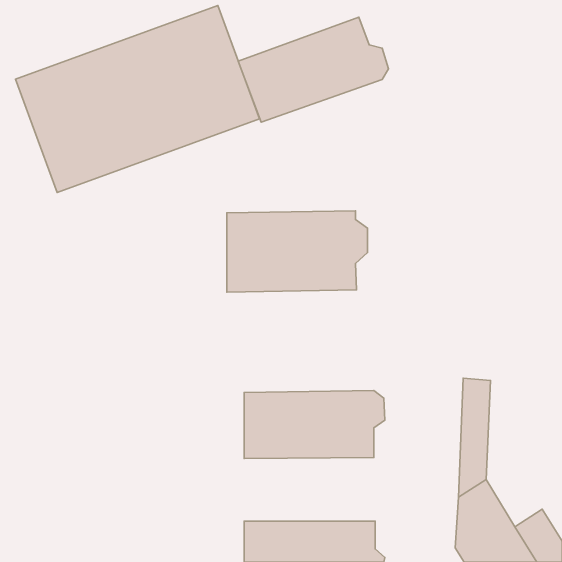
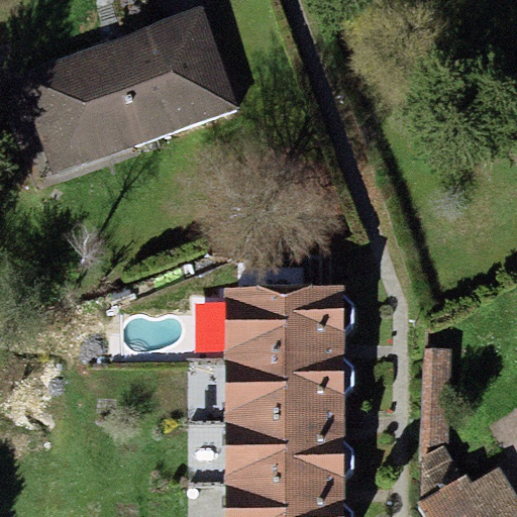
building: [238,17,389,122] -> none
building: [227,211,368,292] -> [224,286,353,360]
building: none -> [224,420,352,479]

